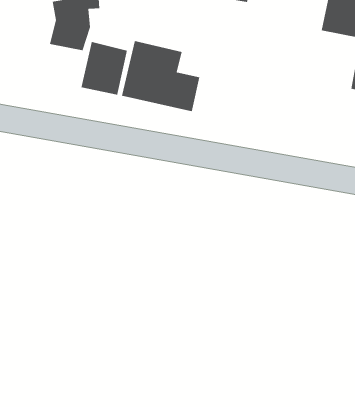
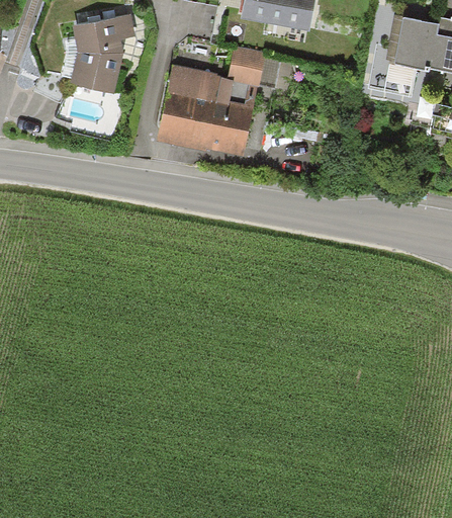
building: none -> [231,57,265,89]
building: [81,41,128,96] -> none

